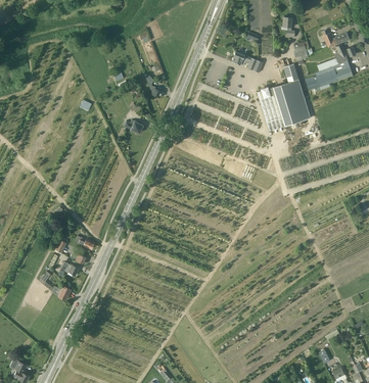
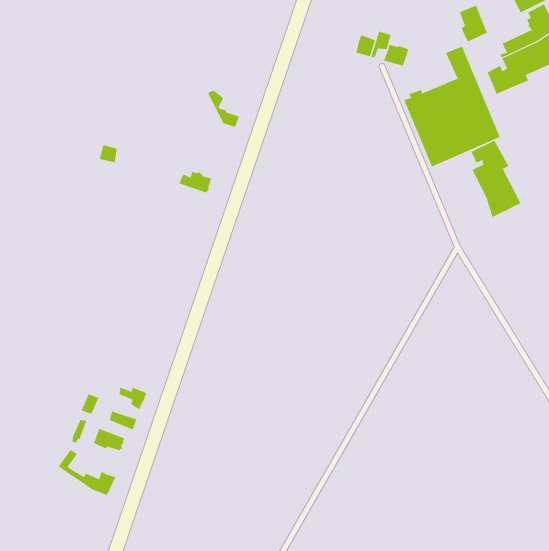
building: none -> [471,140,521,218]

